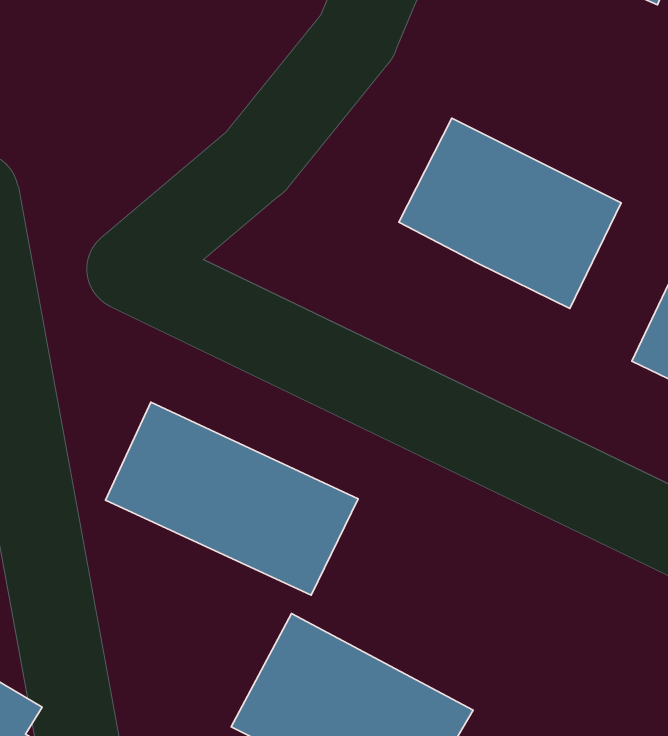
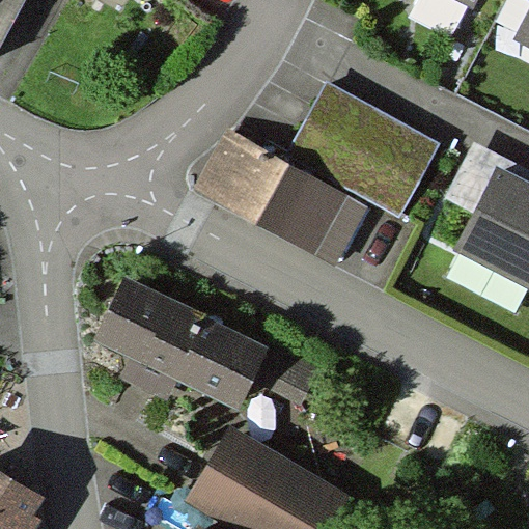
building: none -> [195,124,347,249]

